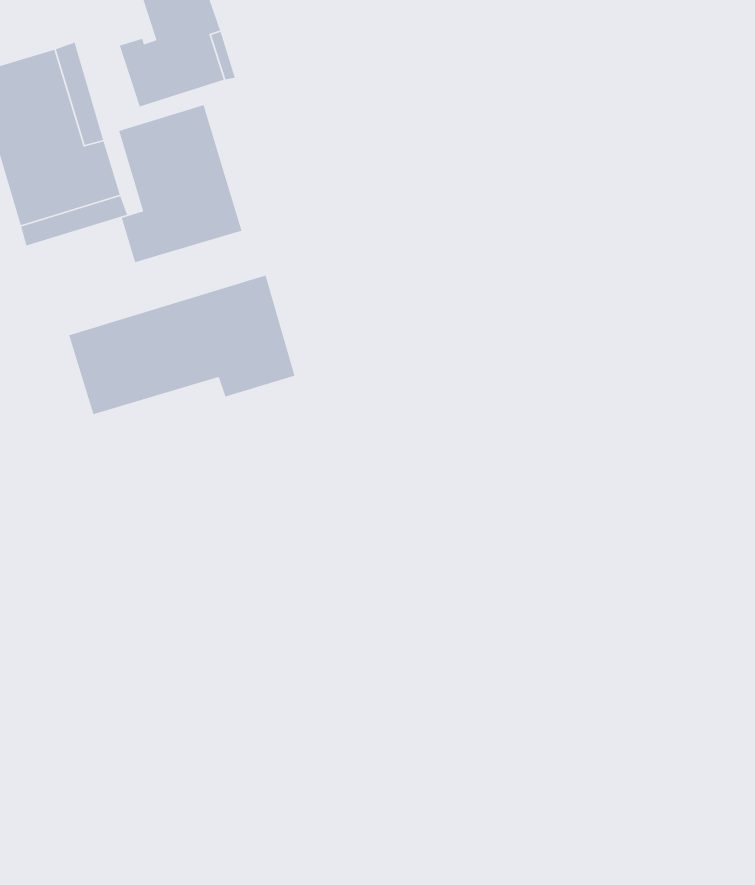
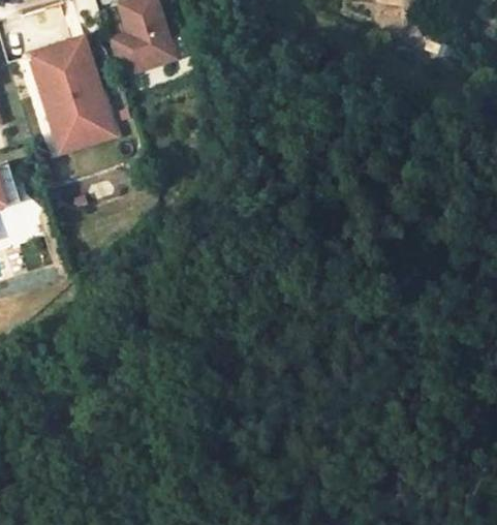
building: [118,104,243,263] -> none
building: [68,275,296,415] -> none

